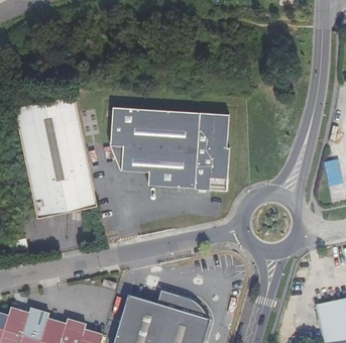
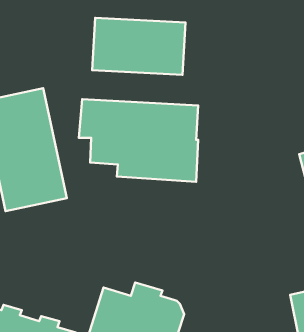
building: none -> [92,18,186,75]

